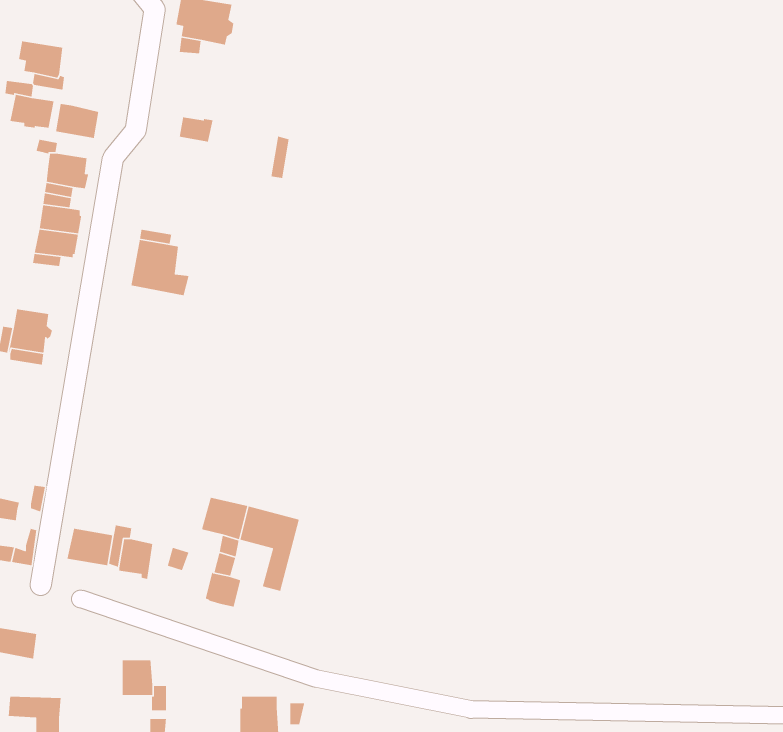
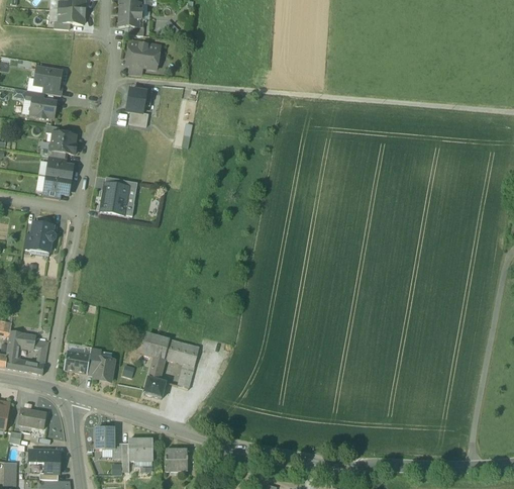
building: none -> [126,88,151,112]
building: [55,103,99,139] -> none
building: none -> [127,437,152,460]

